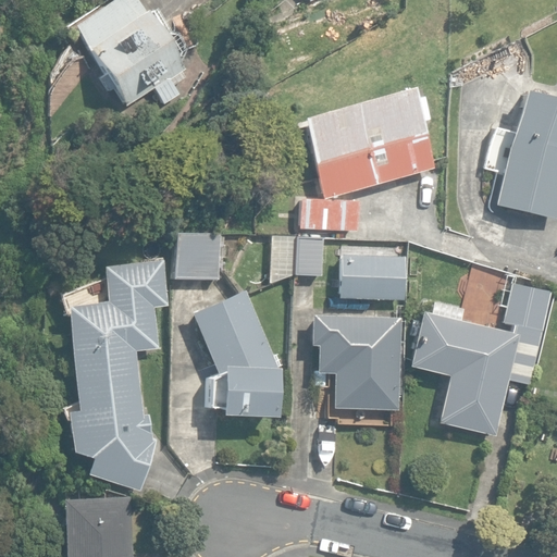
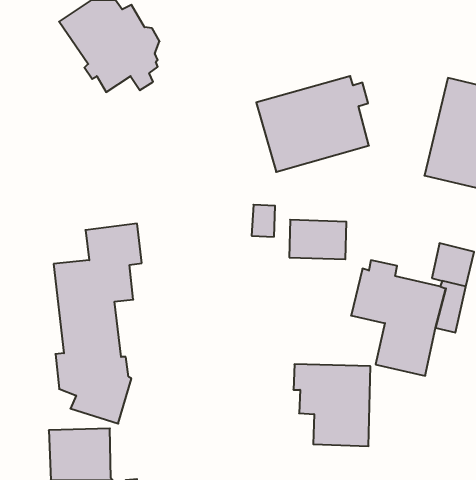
building: [301,198,360,230] -> none
building: [176,233,222,280] -> none
building: [193,289,281,416] -> none
building: [312,314,401,409] -> [293,364,370,446]

